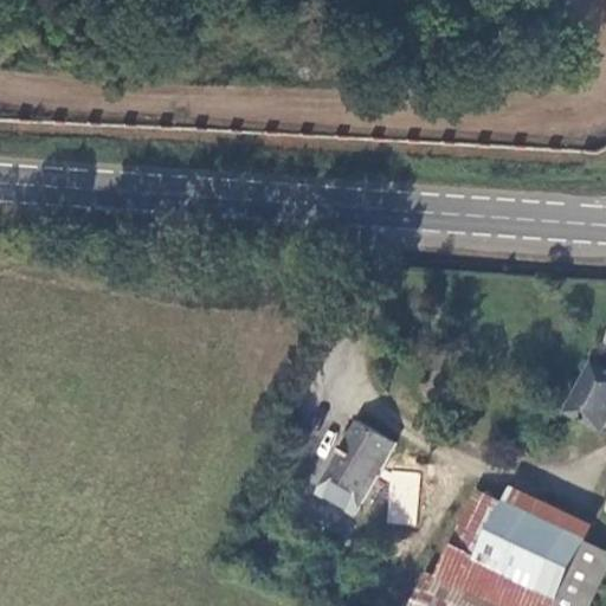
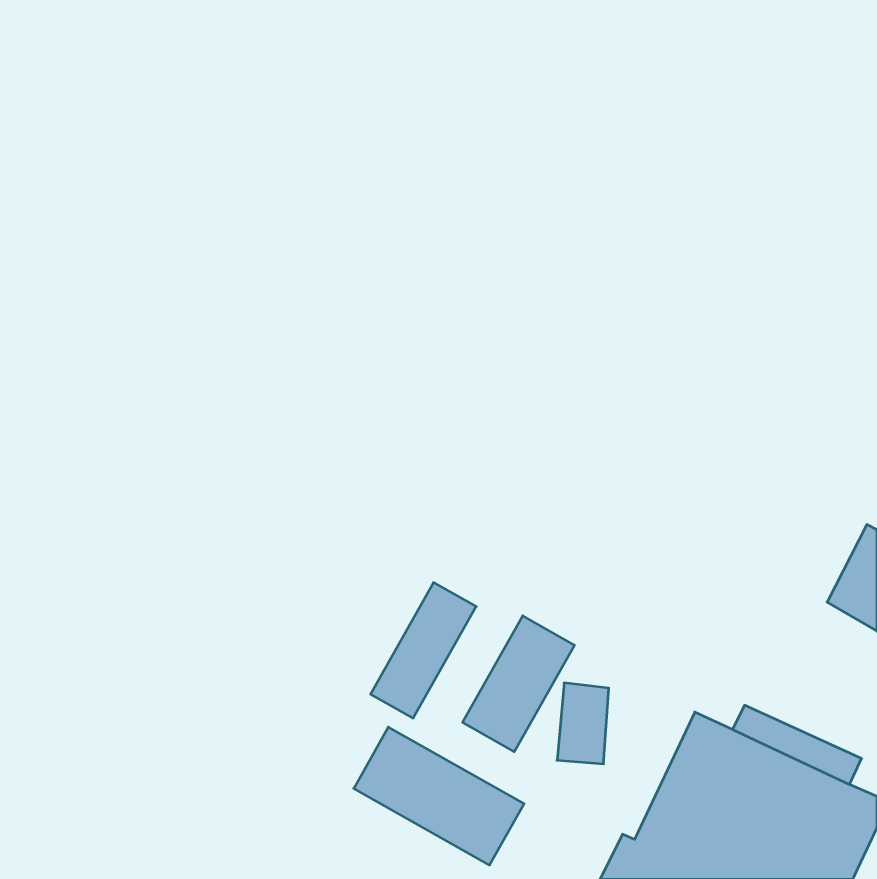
building: none -> [371,583,476,718]
building: none -> [354,727,524,865]

